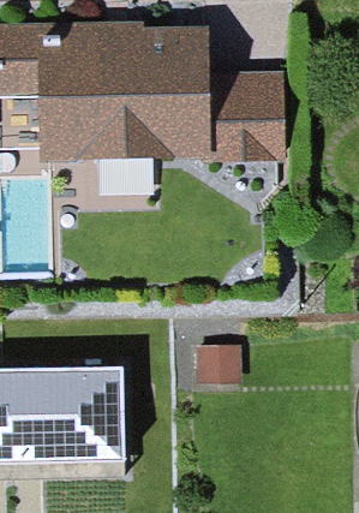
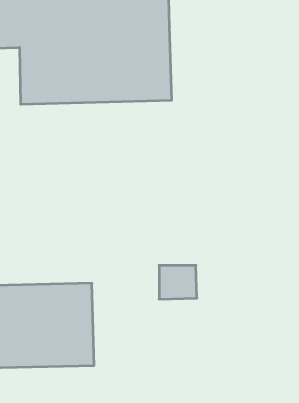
building: [210,71,293,162] -> none

